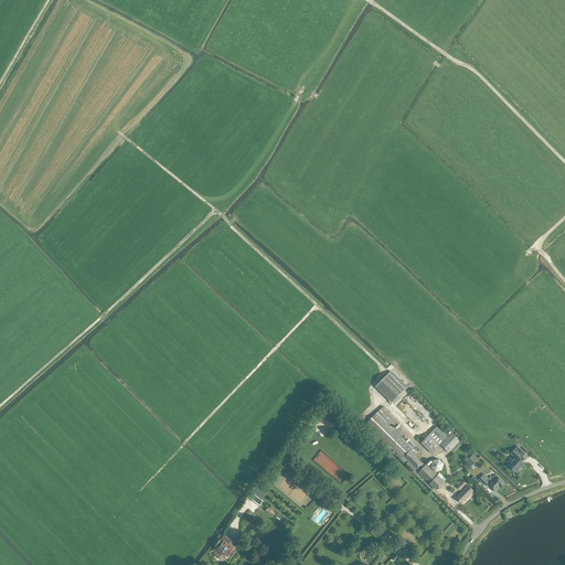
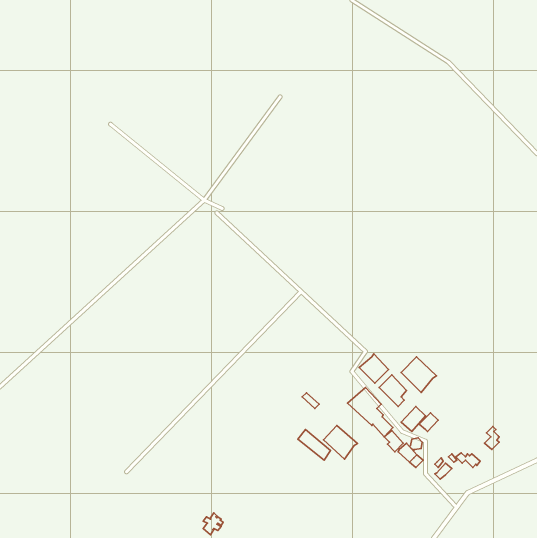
building: none -> [401,357,437,392]
building: none -> [323,425,357,459]

